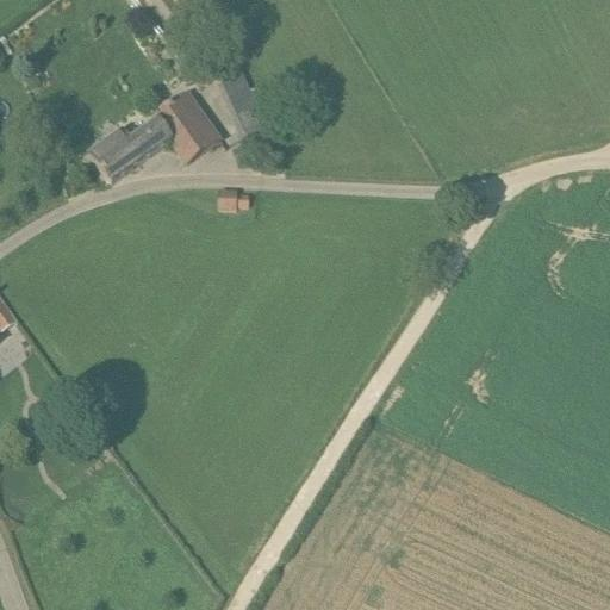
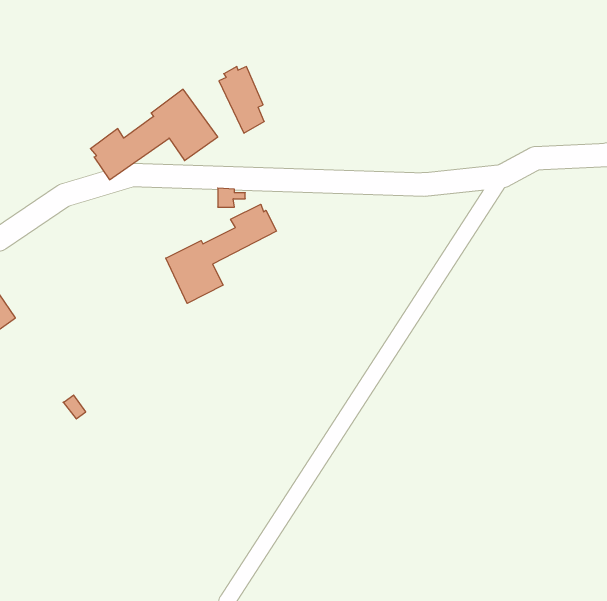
building: none -> [166,204,276,303]

